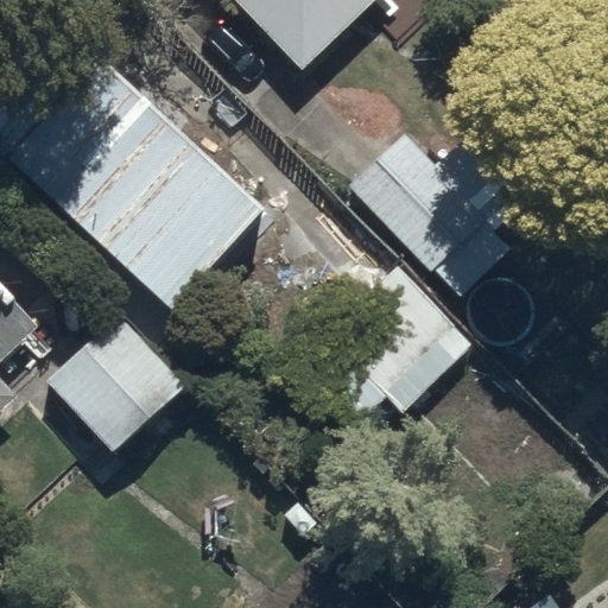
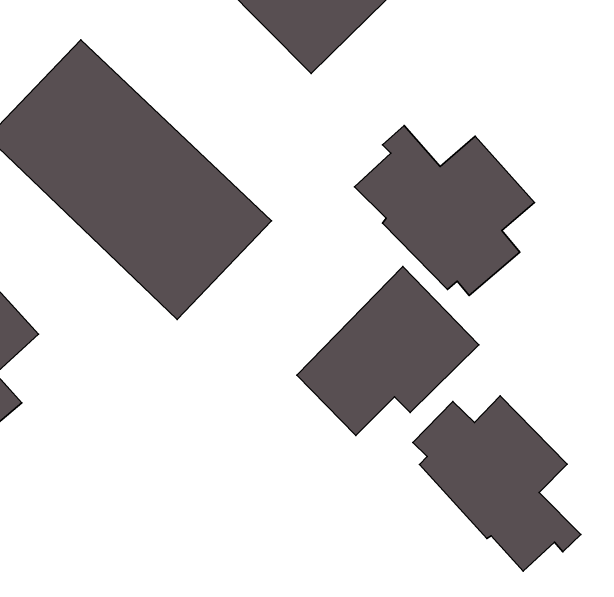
building: [43,305,194,462] -> none
building: none -> [413,396,581,571]

